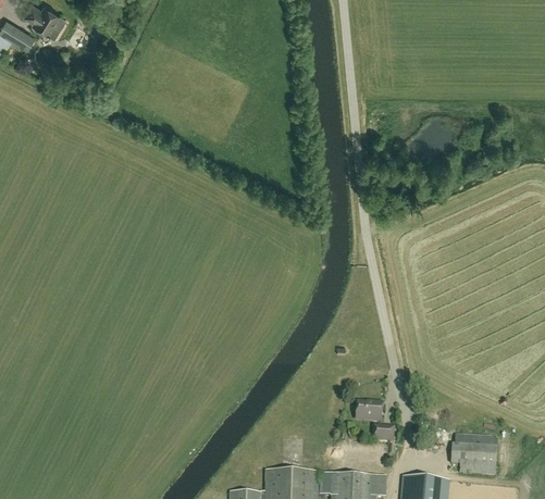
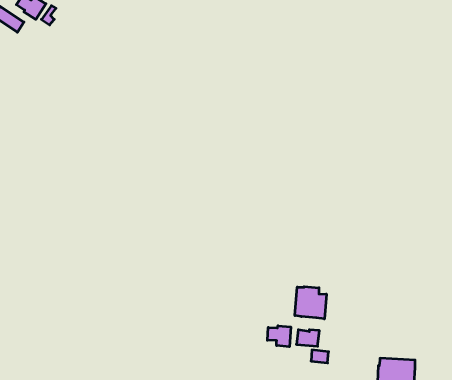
building: none -> [295,287,326,319]
building: none -> [267,326,291,347]

